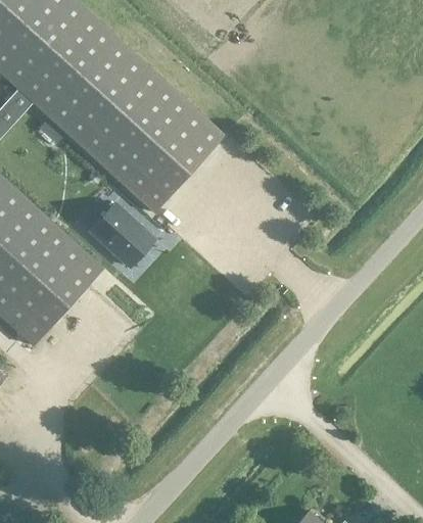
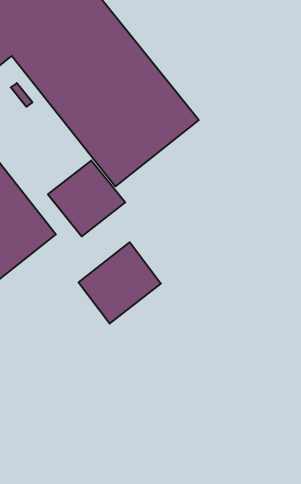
building: none -> [79,242,161,324]

